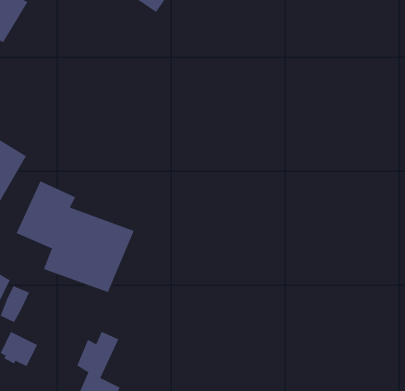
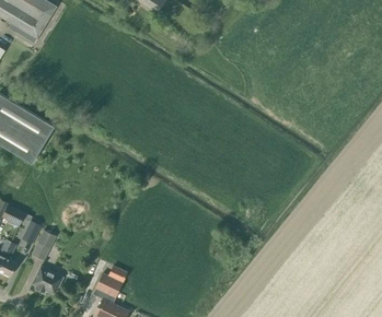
building: [16,181,134,293] -> none

